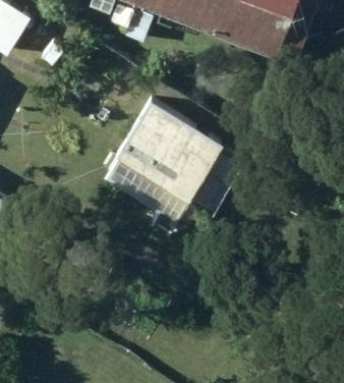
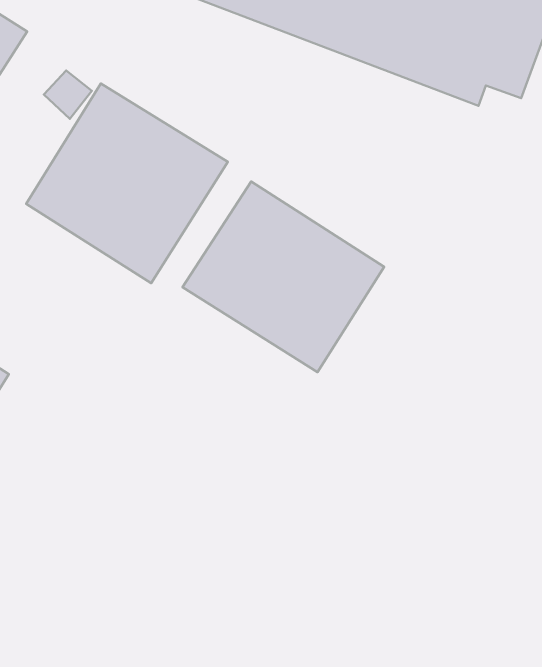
building: none -> [26,83,228,283]

